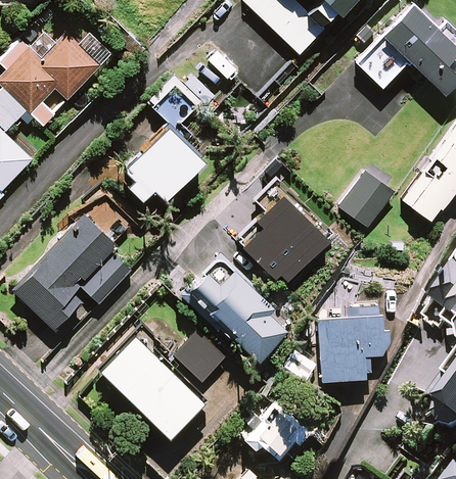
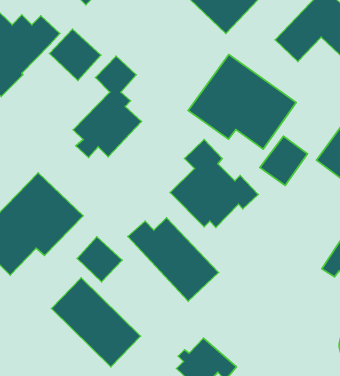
building: none -> [49,29,101,81]
building: none -> [188,54,296,149]
building: [318,306,389,380] -> none
building: [174,332,225,383] -> [77,237,122,282]

